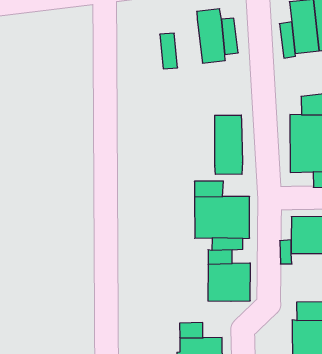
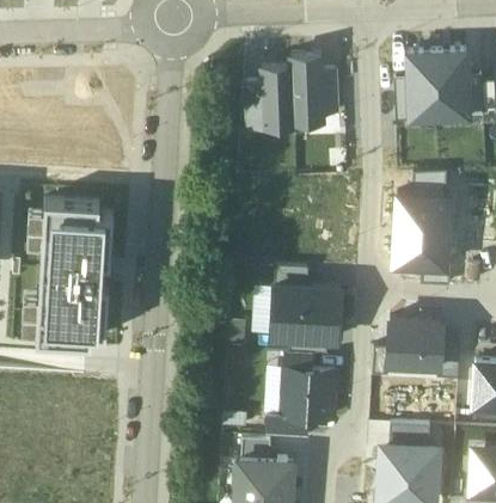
building: none -> [261,67,294,125]
building: [215,115,242,174] -> none
building: none -> [36,200,114,344]
building: none -> [265,417,308,441]

